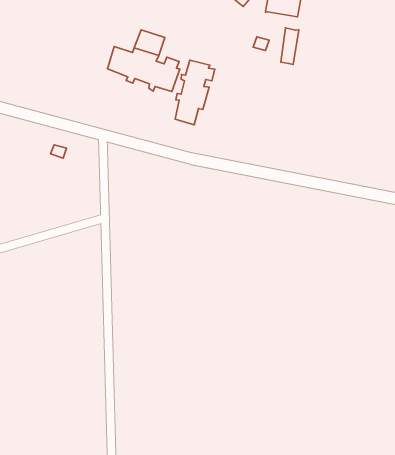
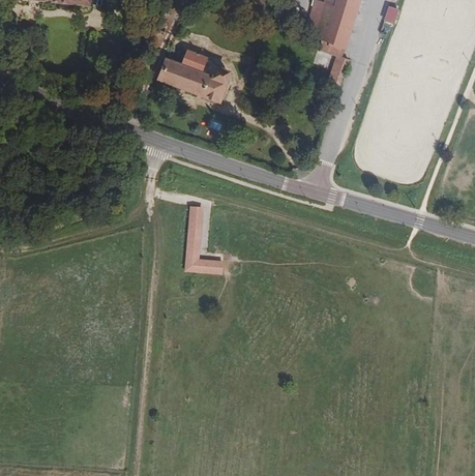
building: [175,60,215,125] -> none
building: none -> [183,210,221,277]

